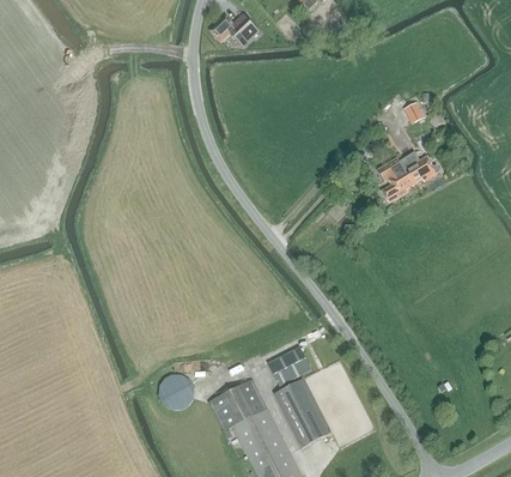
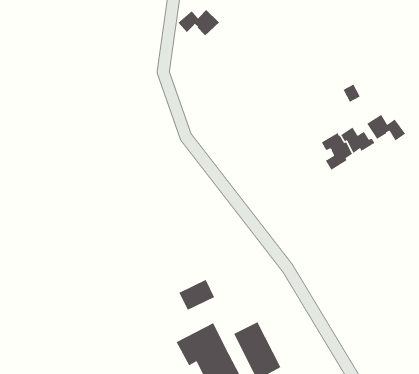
building: none -> [366,114,406,141]
building: [268,346,311,384] -> [178,279,215,311]
building: [159,373,194,409] -> none

